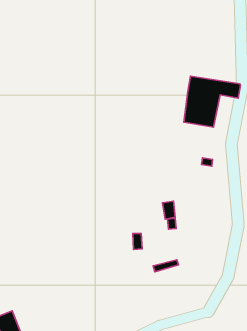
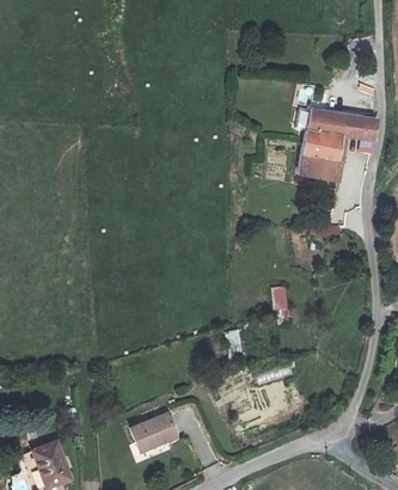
building: none -> [131,412,179,453]

